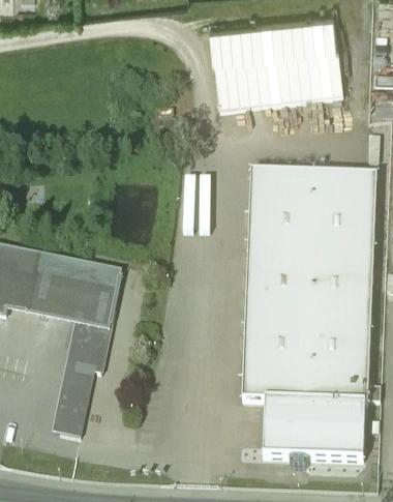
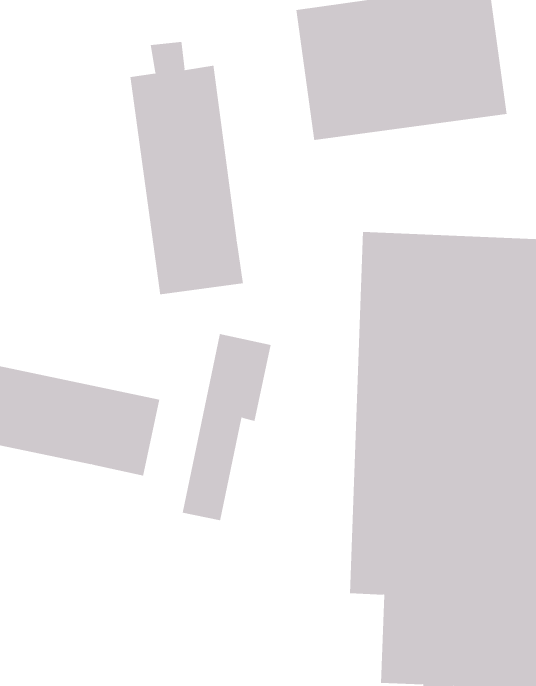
building: none -> [130,41,243,295]
building: [55,317,112,436] -> [182,333,271,521]

